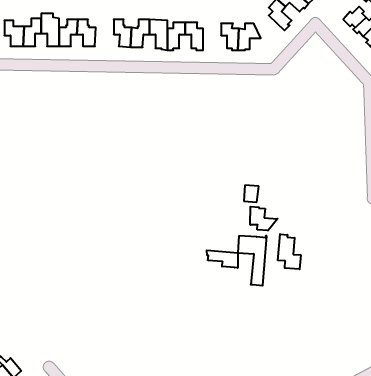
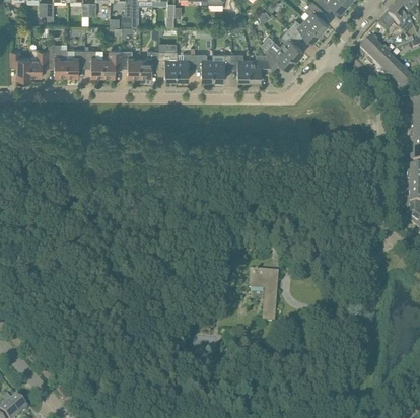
building: none -> [265,37,297,66]
building: none -> [103,47,123,74]
building: none -> [214,50,232,78]
building: [250,207,278,231] -> none
building: [278,234,301,269] -> none
building: [207,250,238,268] -> none

